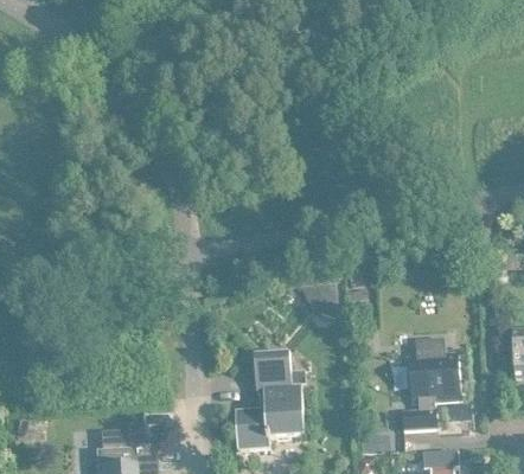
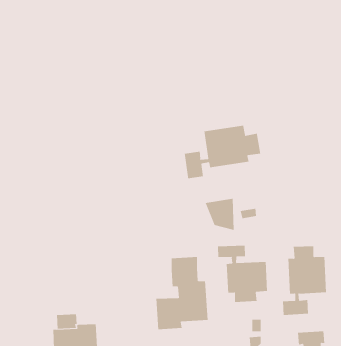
building: none -> [184,125,261,179]
building: none -> [218,245,268,303]

